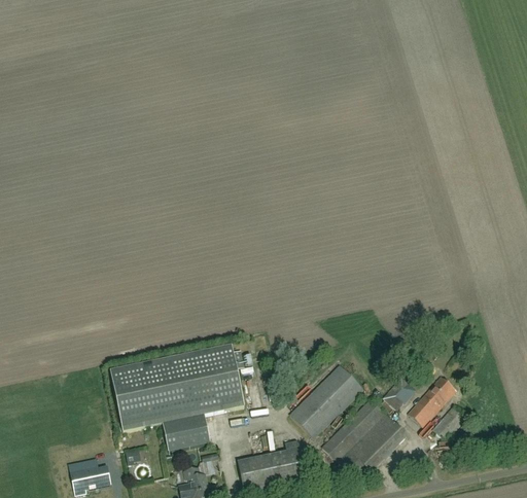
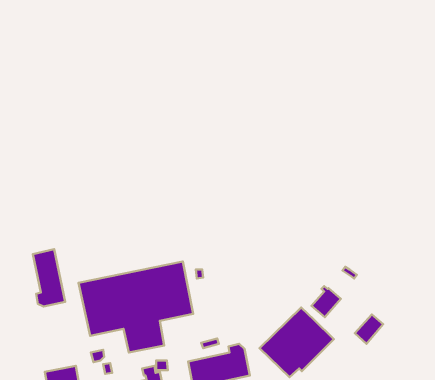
building: none -> [33,249,65,307]
building: [289,363,363,437] -> none
building: [407,375,455,426] -> none

